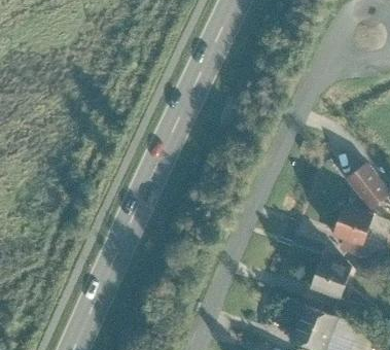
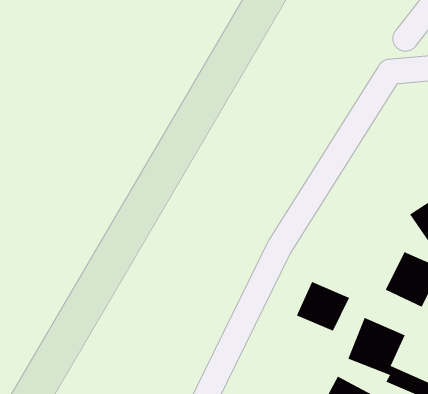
building: none -> [296,281,350,332]

